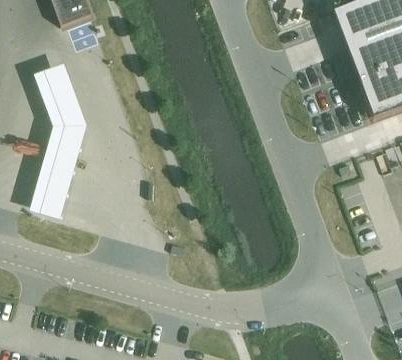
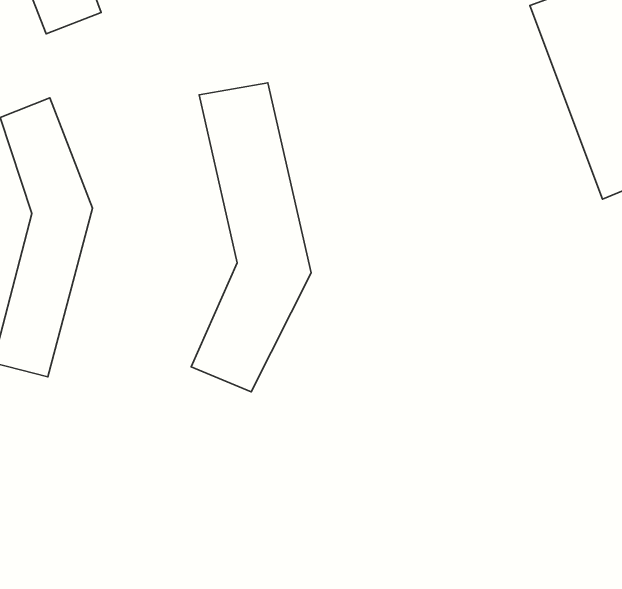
building: none -> [191,83,311,392]

